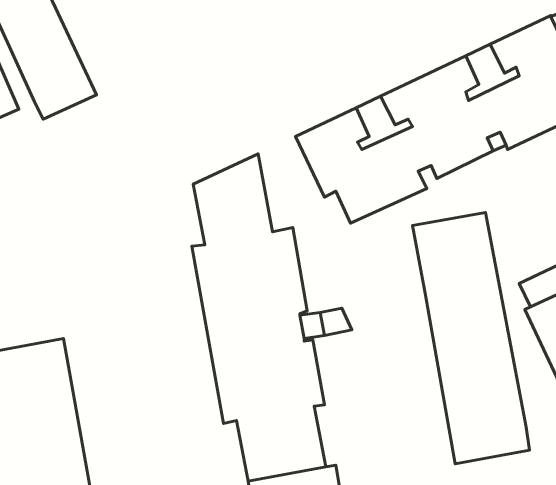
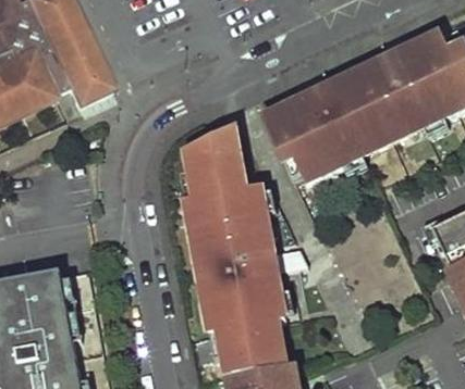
building: [412,213,530,464] -> none

